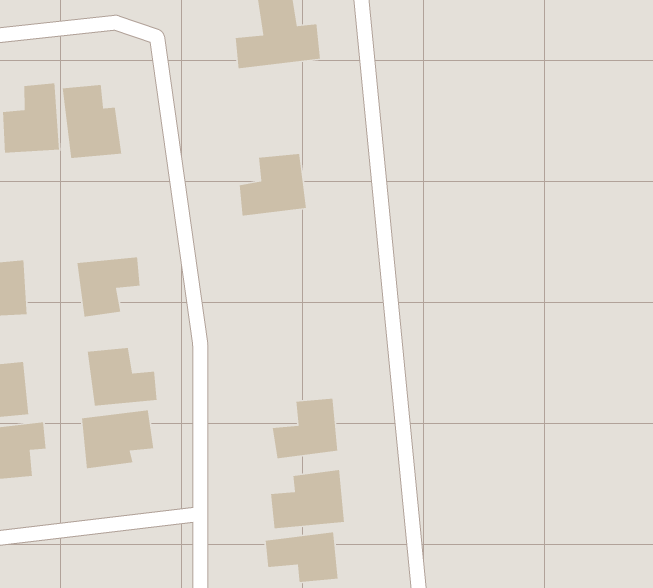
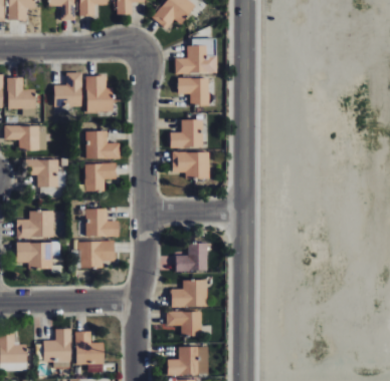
building: none -> [177,77,209,105]
building: none -> [85,130,120,159]
building: none -> [172,151,209,178]

